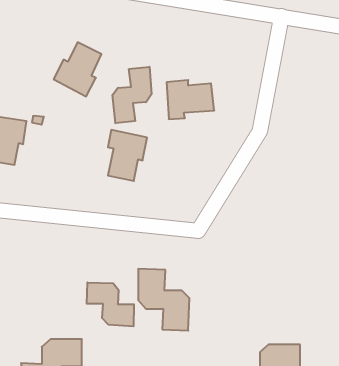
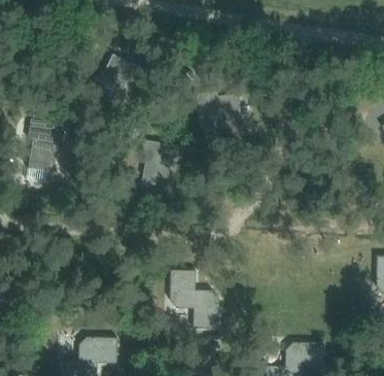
building: [113,67,151,123] -> none
building: [87,282,134,326] -> none

